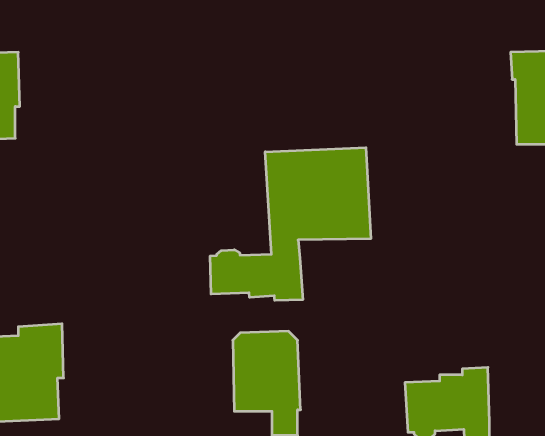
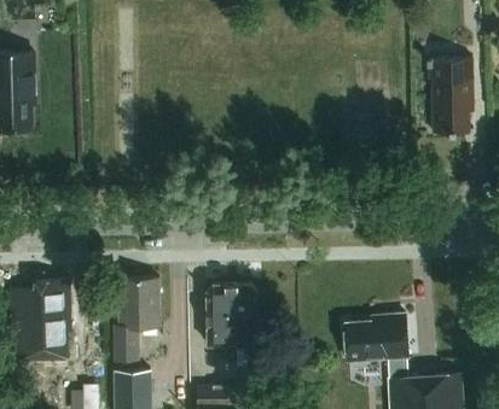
building: [210,148,371,300] -> none
building: none -> [114,277,159,362]

